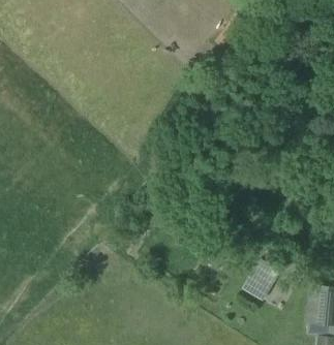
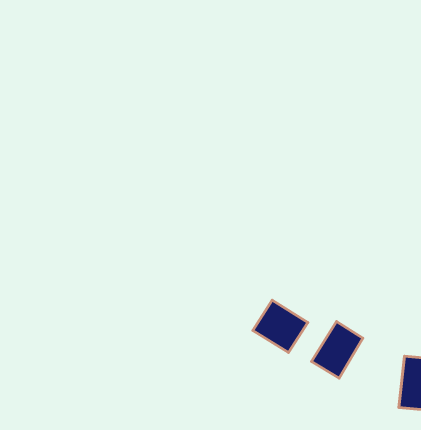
building: none -> [253,300,308,353]

